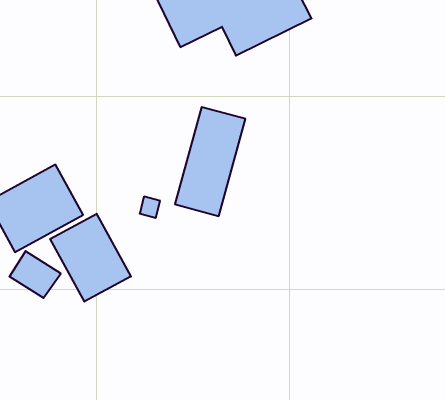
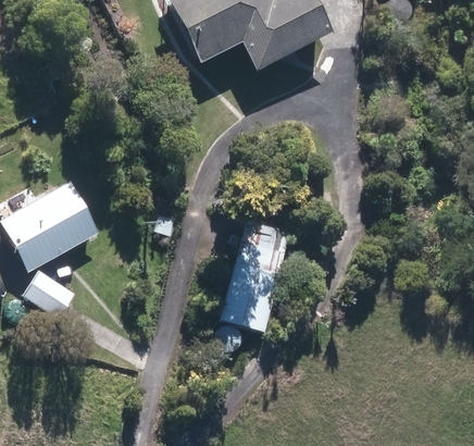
building: [175,107,245,216] -> [221,221,292,332]
building: [50,214,131,302] -> none

